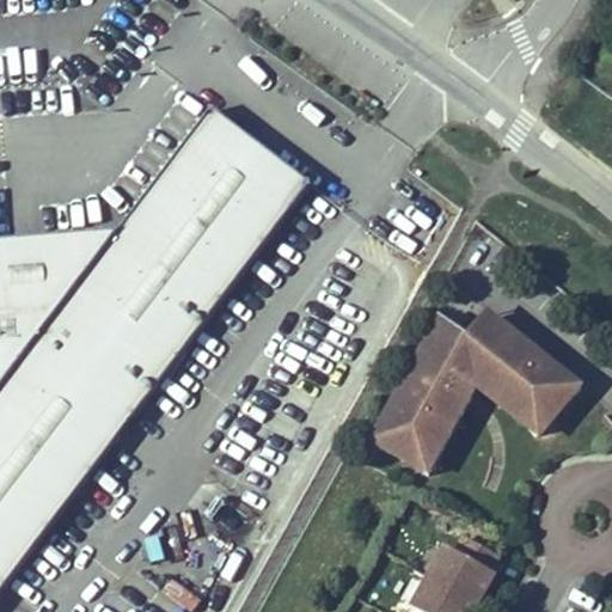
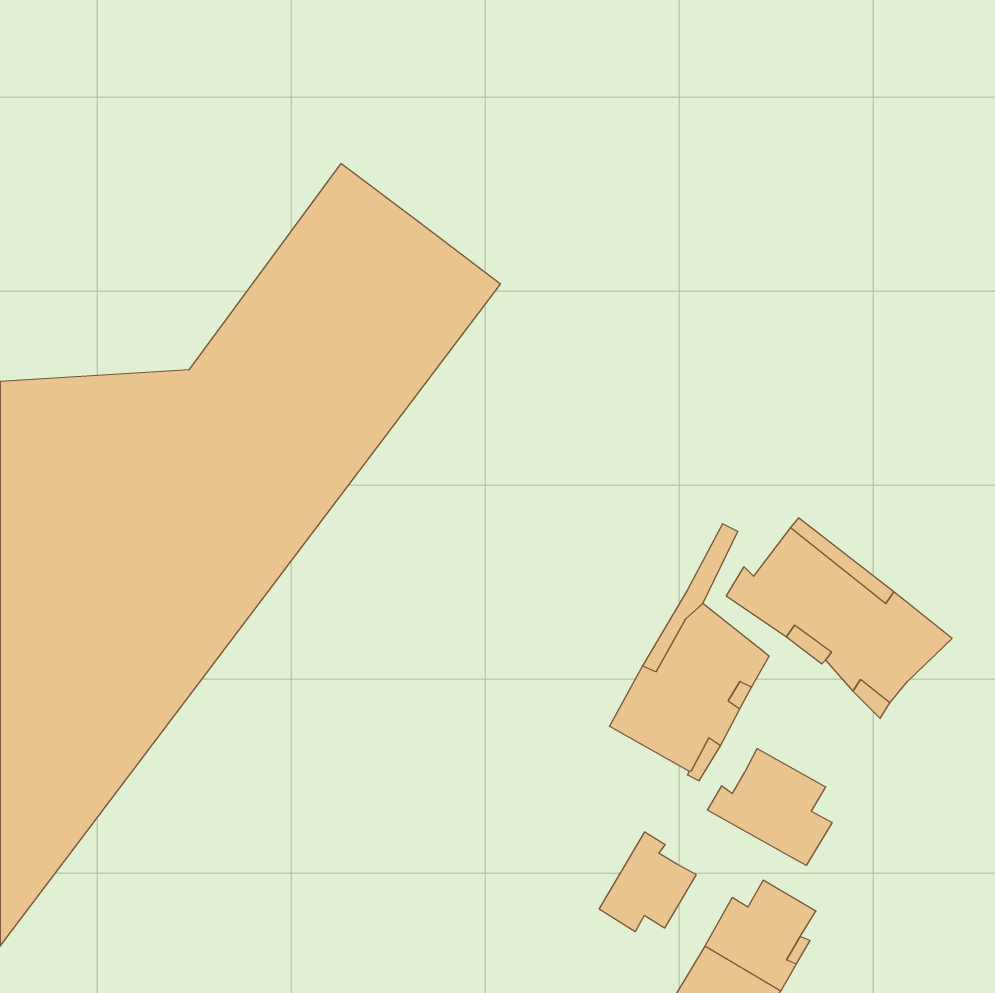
building: none -> [707,749,832,865]
building: none -> [599,832,696,932]

